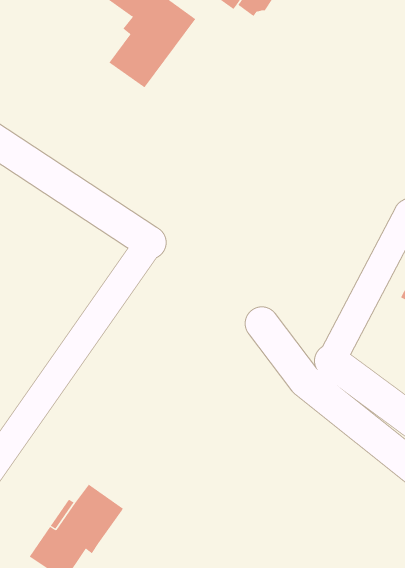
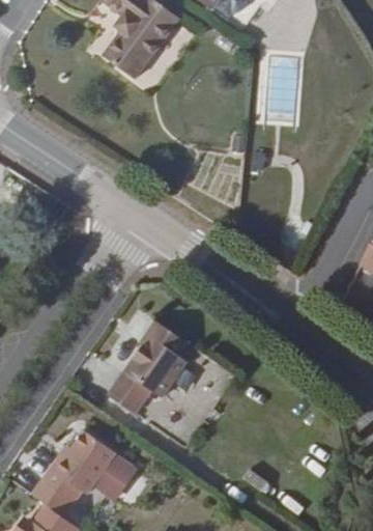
building: none -> [111,320,189,412]
building: none -> [95,454,137,499]

